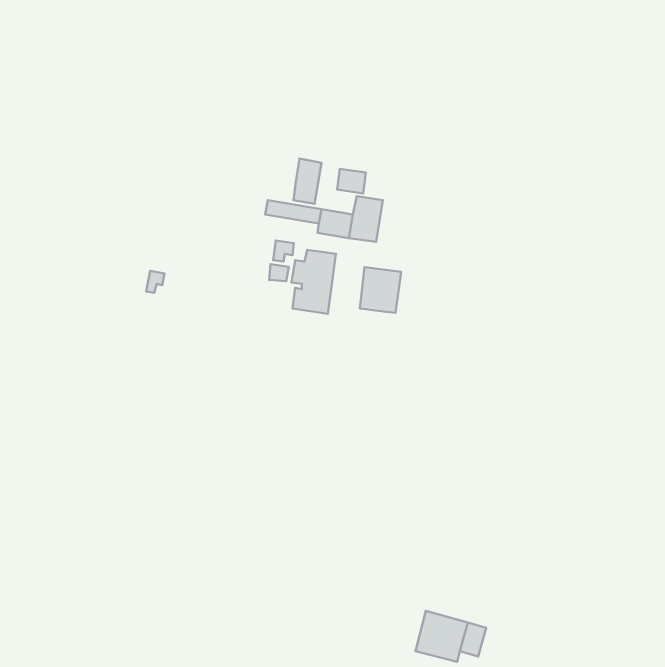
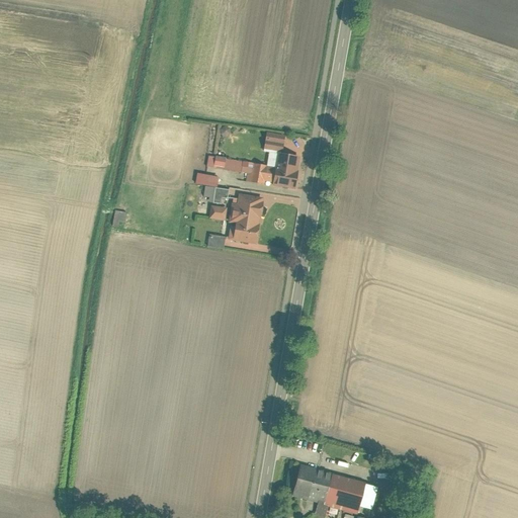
building: [293,159,321,204] -> none
building: [360,267,401,313] -> none
building: none -> [292,464,332,504]

